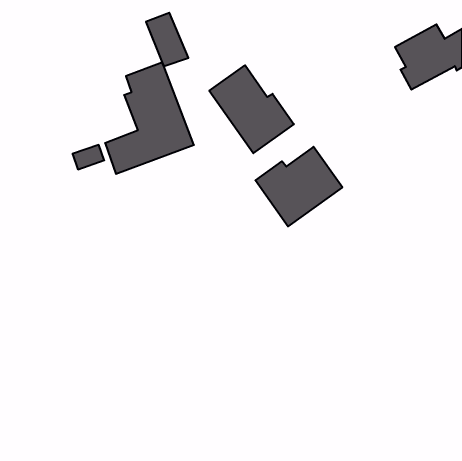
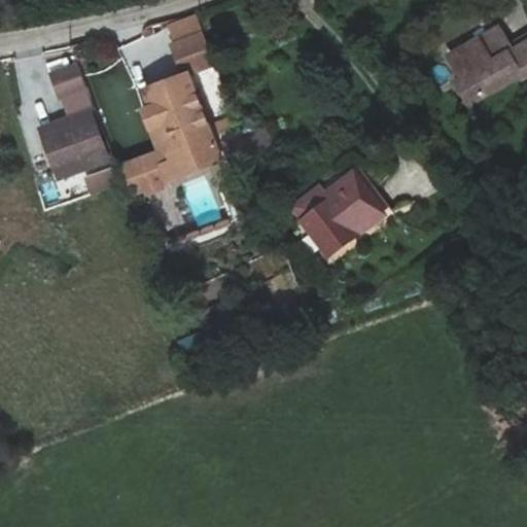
building: none -> [38,63,110,178]
building: [209,65,294,153] -> none

